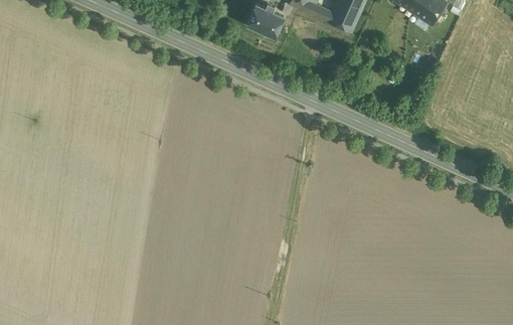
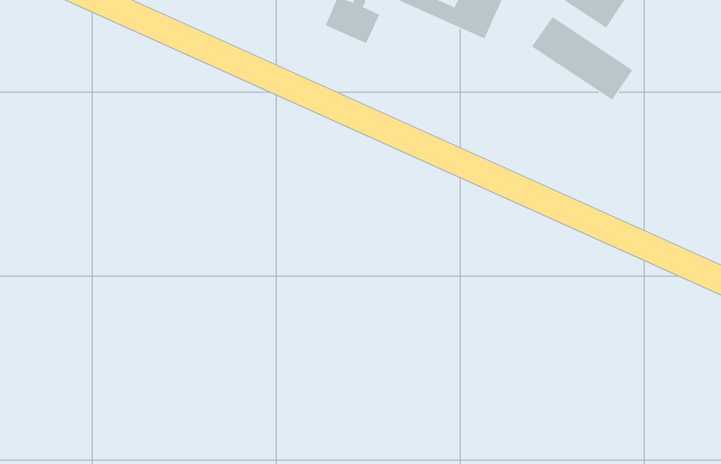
building: none -> [531,16,633,101]

